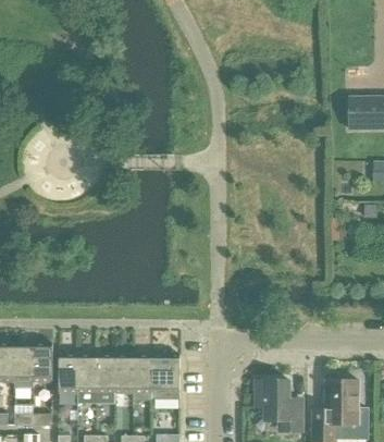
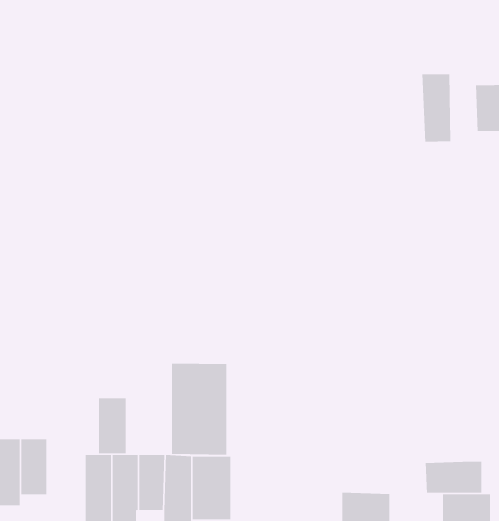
building: none -> [422,73,451,142]
building: none -> [171,363,227,455]
building: [58,353,77,392] -> [98,398,127,454]
building: none -> [425,461,482,494]

